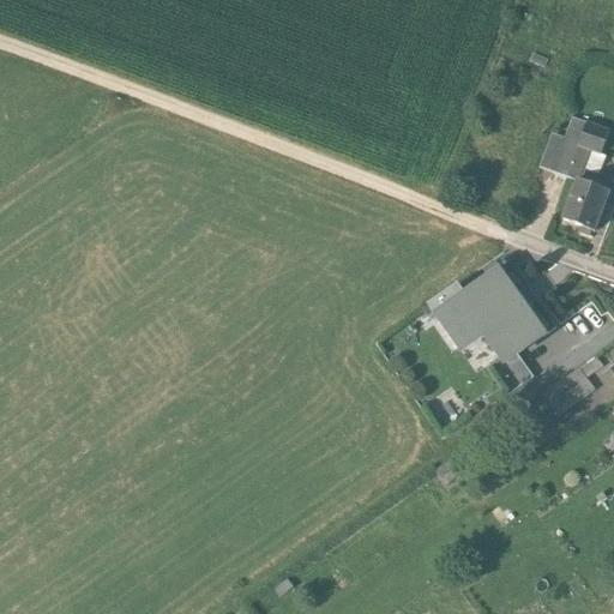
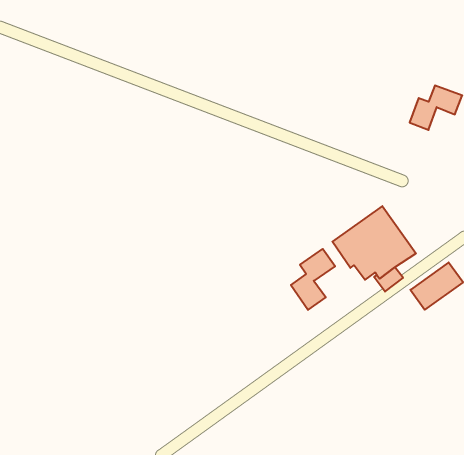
building: [559,173,604,227] -> none
building: none -> [291,249,335,310]

